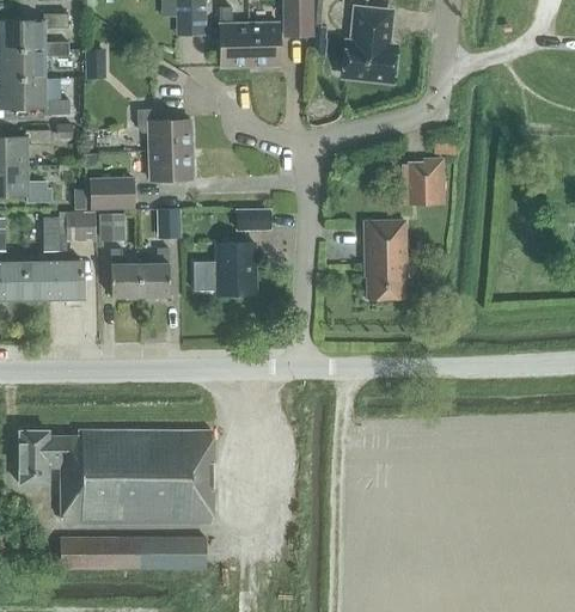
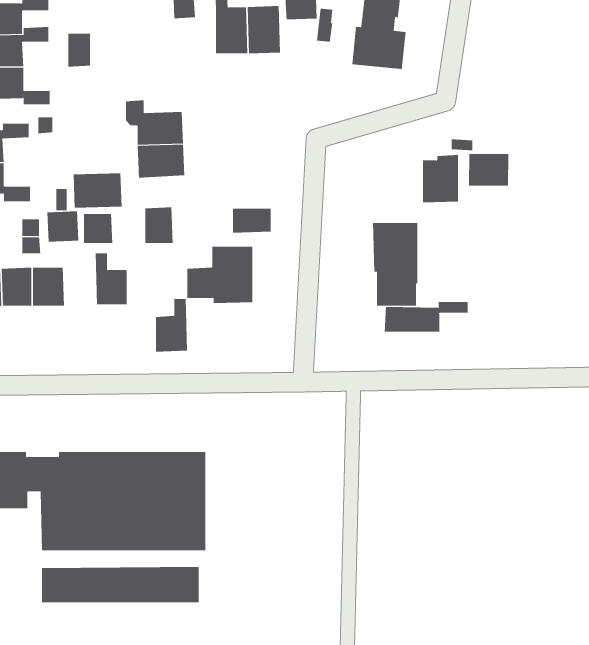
building: none -> [468,153,509,187]
building: [140,247,170,296] -> [155,298,188,352]
building: none -> [384,301,468,333]

